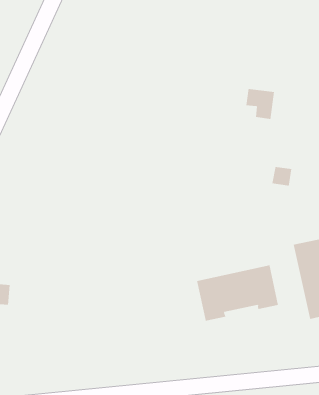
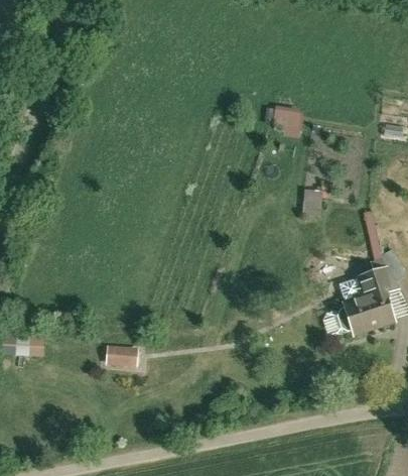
building: [196,264,278,321] -> none
building: none -> [110,345,143,367]

